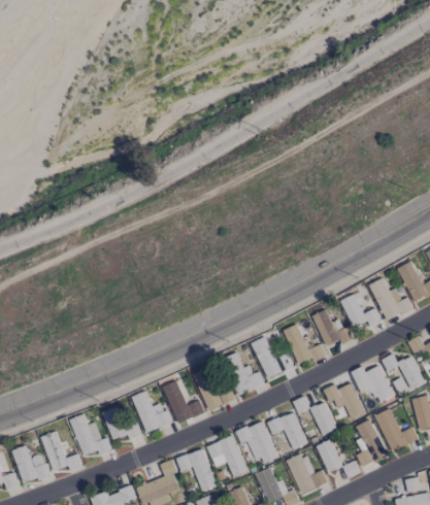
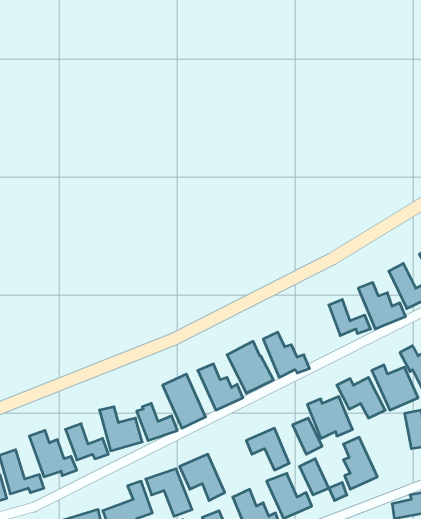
building: [311,309,354,346] -> none
building: [375,408,418,450] -> none
building: [235,420,277,465] -> none

